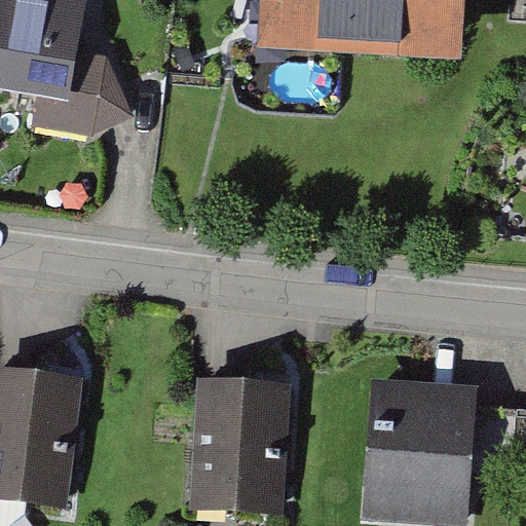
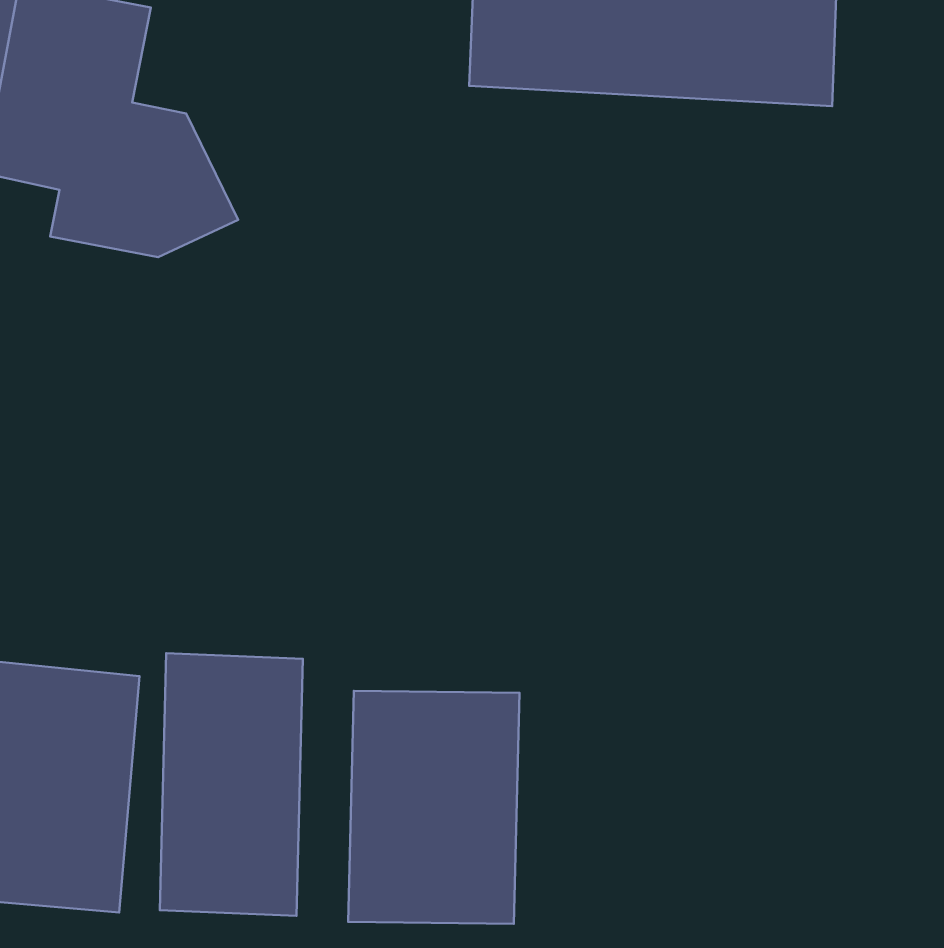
building: none -> [160,653,303,916]
building: [367,378,477,518] -> none

